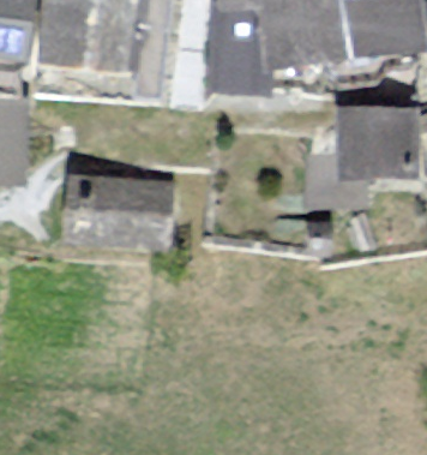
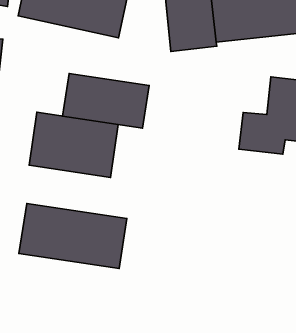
building: none -> [62,74,149,128]
building: none -> [19,203,127,269]

